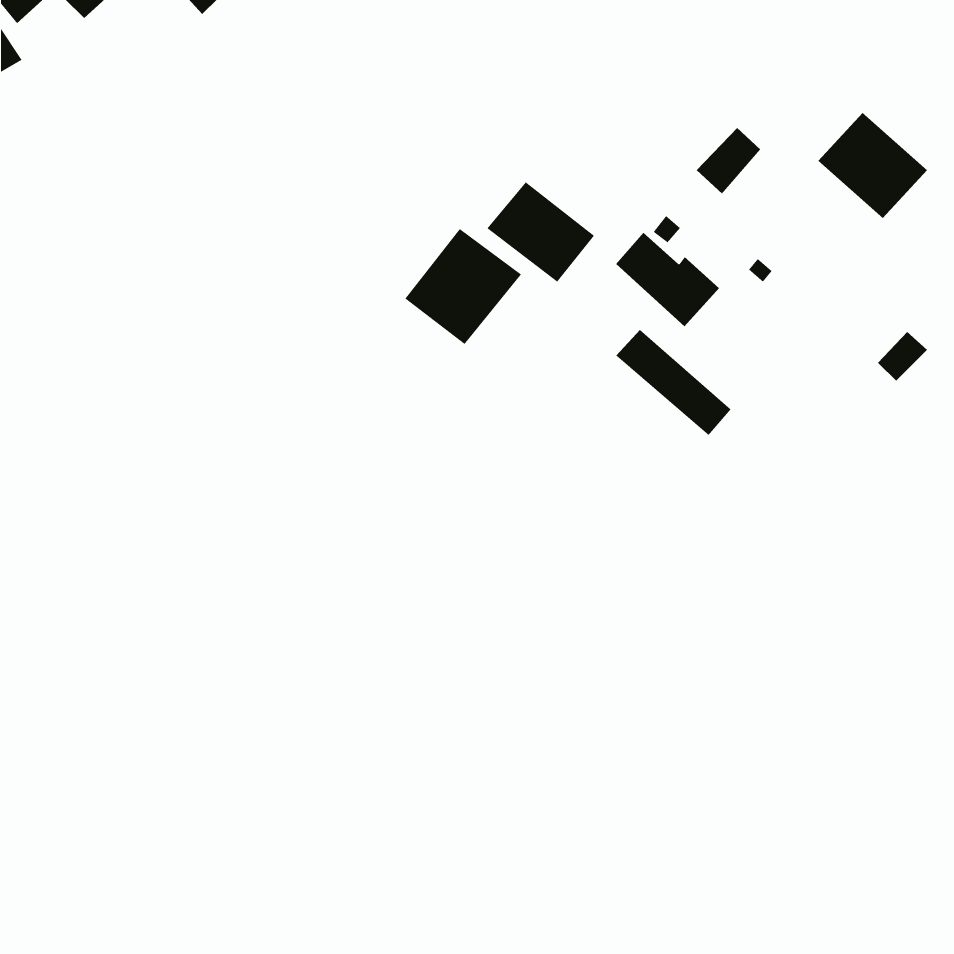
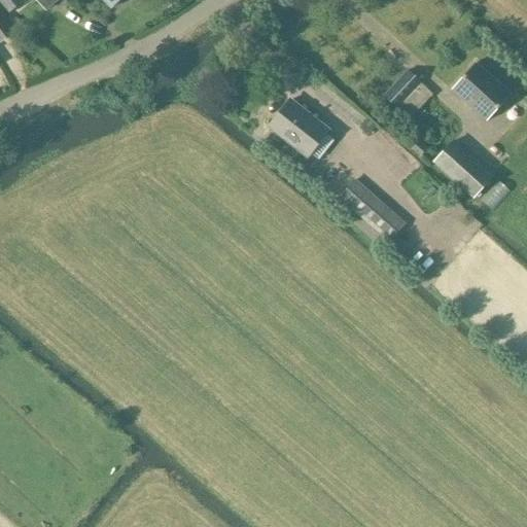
building: [404,228,522,345] -> none
building: [615,232,720,327] -> [434,144,492,197]

